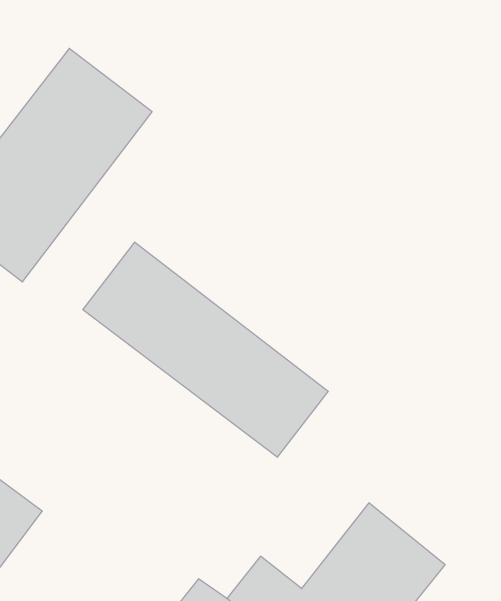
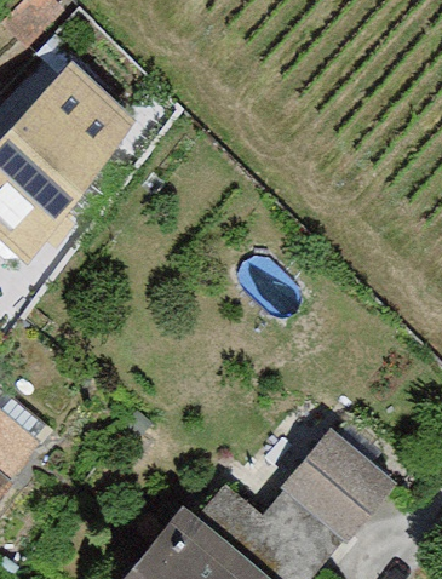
building: [83,242,328,457] -> none

